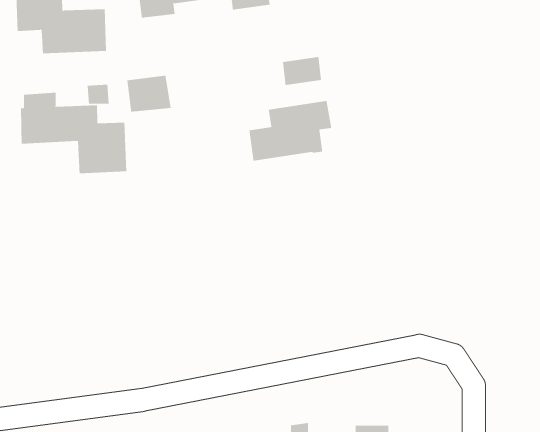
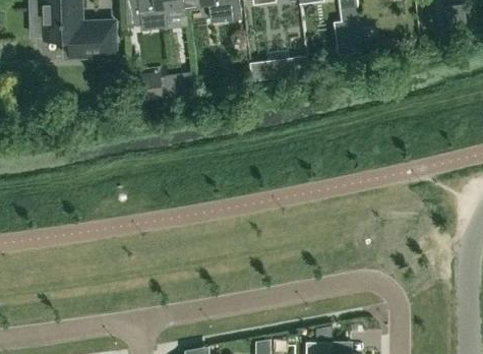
building: [20,92,127,174] -> none
building: [249,100,332,161] -> none

